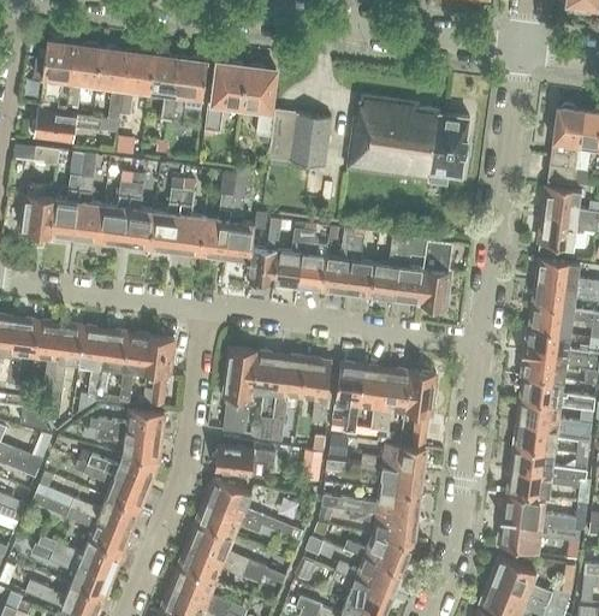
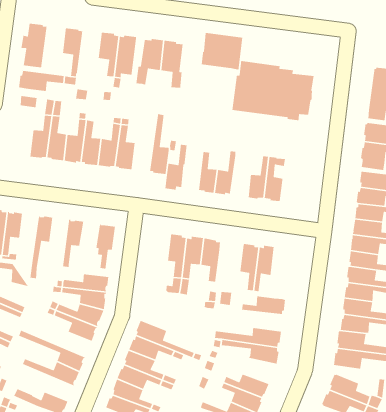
building: [66,42,101,107] -> none
building: [119,49,154,116] -> none
building: [268,109,331,166] -> [201,32,243,71]
building: [200,171,237,260] -> none
building: [18,184,53,237] -> none
building: [273,227,304,286] -> none
building: [345,235,374,297] -> none
building: [419,239,452,309] -> none
building: [34,320,61,390] -> none
building: [78,326,106,413] -> none
building: [119,332,152,399] -> none
building: [223,346,256,432] -> none
building: [334,361,363,433] -> none
building: [405,369,435,446] -> none
building: [213,445,274,479] -> none
building: [326,460,423,494] -> none
building: [35,482,141,533] -> none
building: [344,534,414,571] -> none
building: [31,543,114,598] -> none

